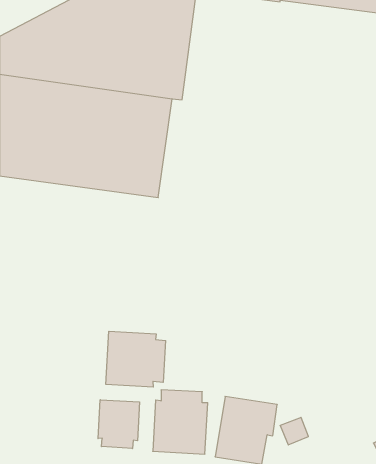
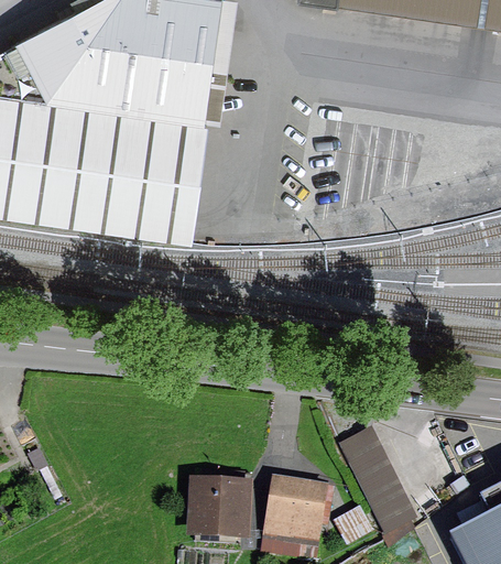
building: [106,331,166,387] -> none
building: none -> [339,430,417,538]
building: [98,400,139,449] -> none

